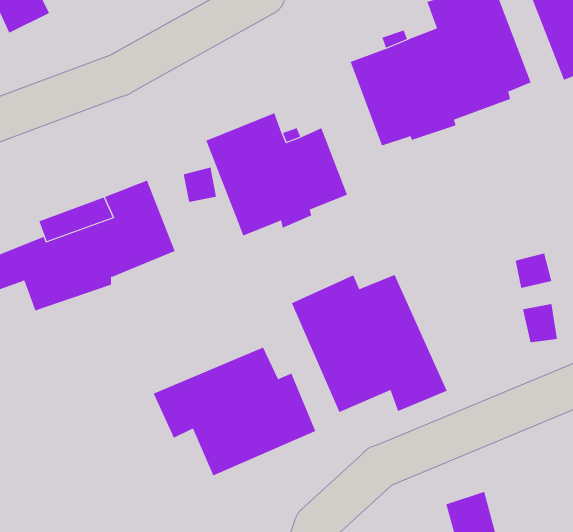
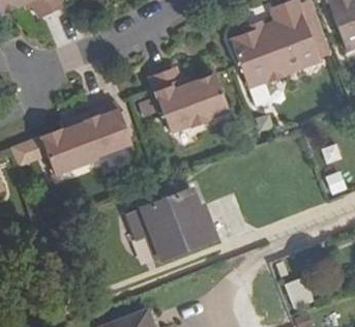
building: [291,274,447,413] -> none

